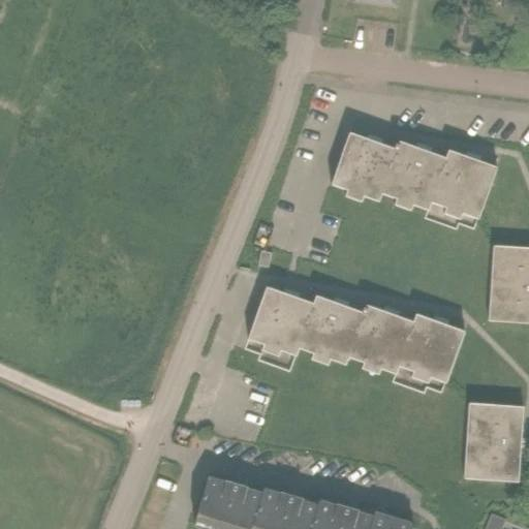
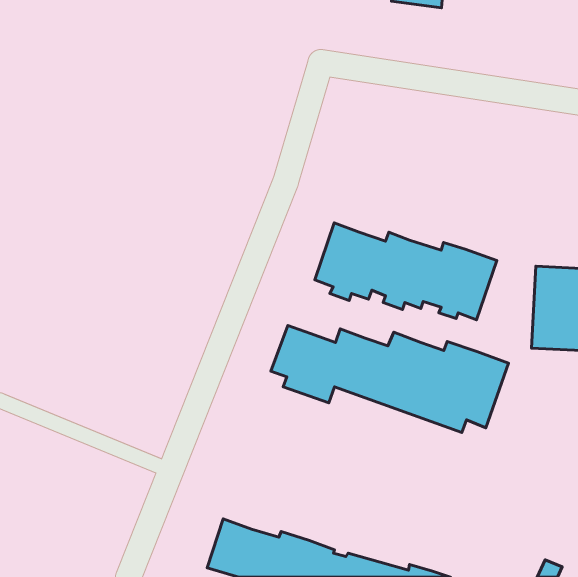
building: [339,133,504,221] -> [315,223,497,320]
building: [455,400,524,478] -> none

